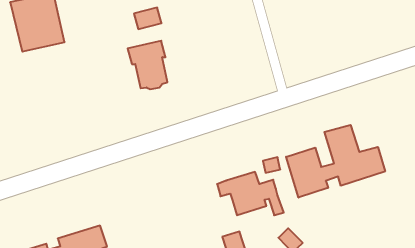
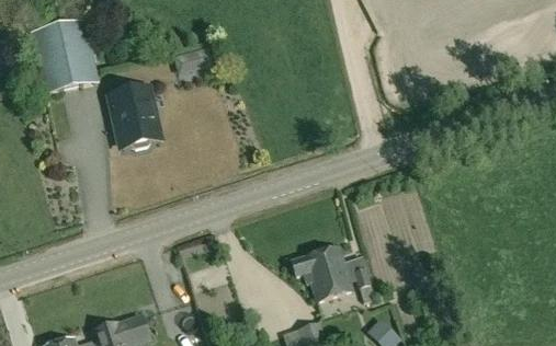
building: [128,41,167,89] -> [106,88,157,149]
building: [286,125,385,198] -> none

